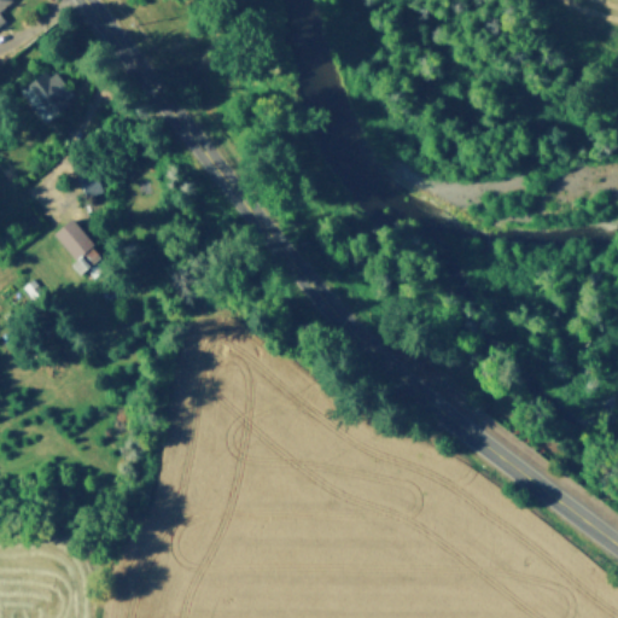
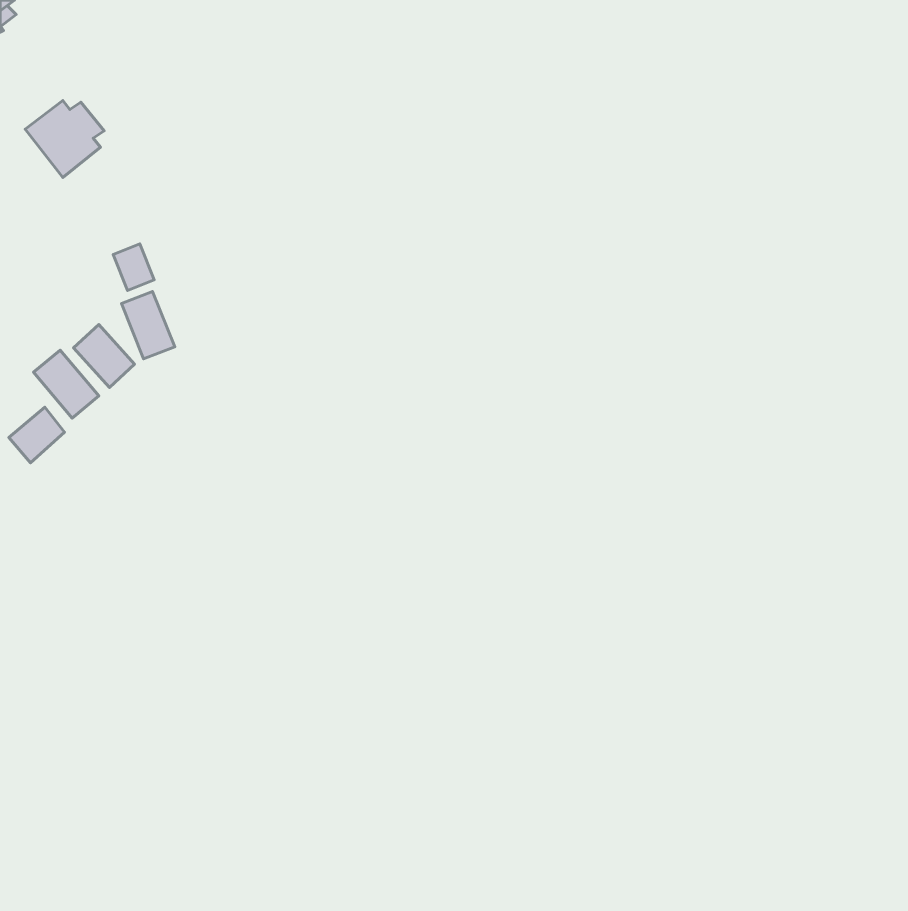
building: none -> [121,292,175,359]
building: none -> [33,350,99,418]

